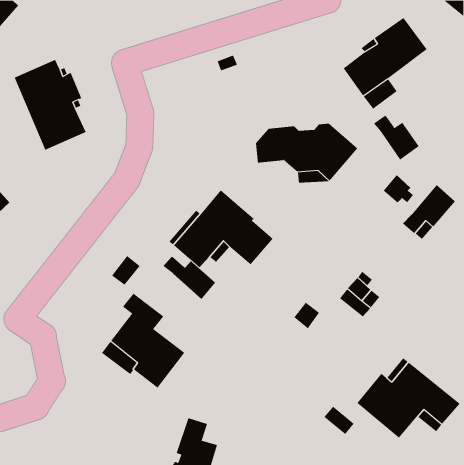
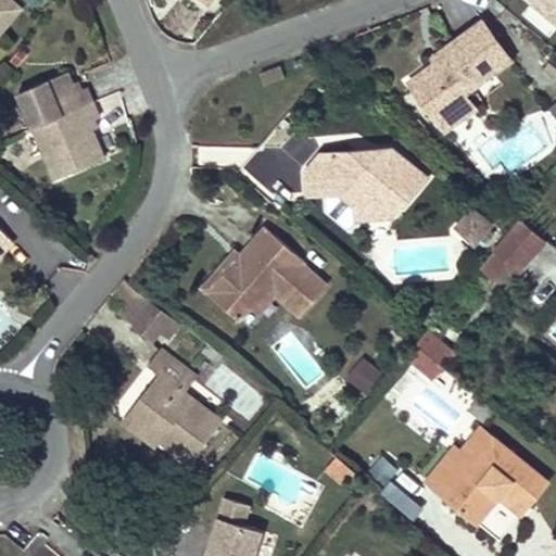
building: [373,115,419,161] -> none
building: [163,256,216,300] -> none

